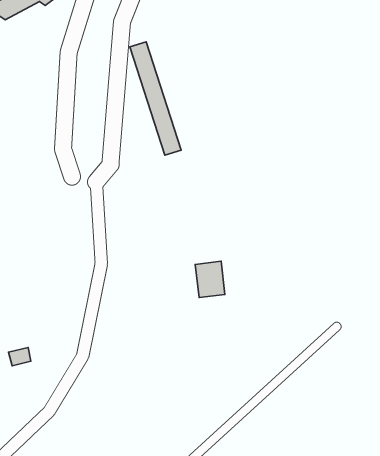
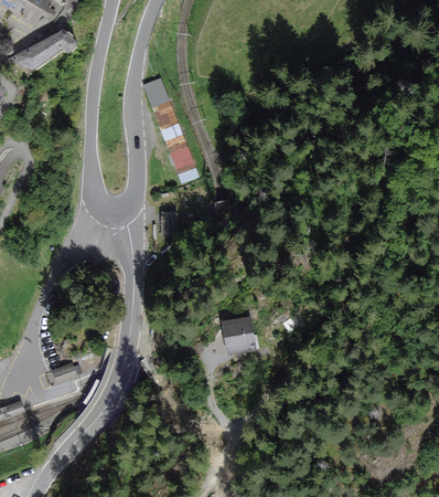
building: [195,261,225,297] -> [224,317,253,351]

